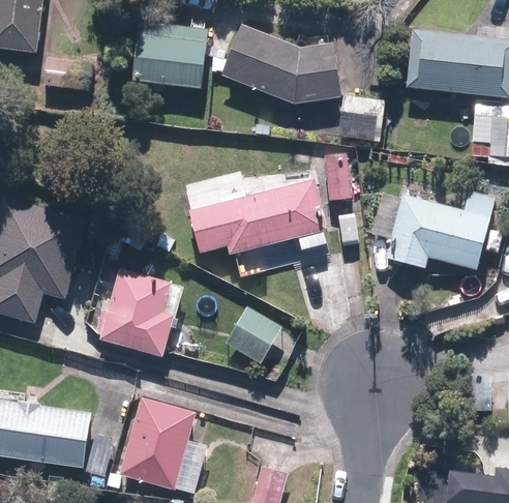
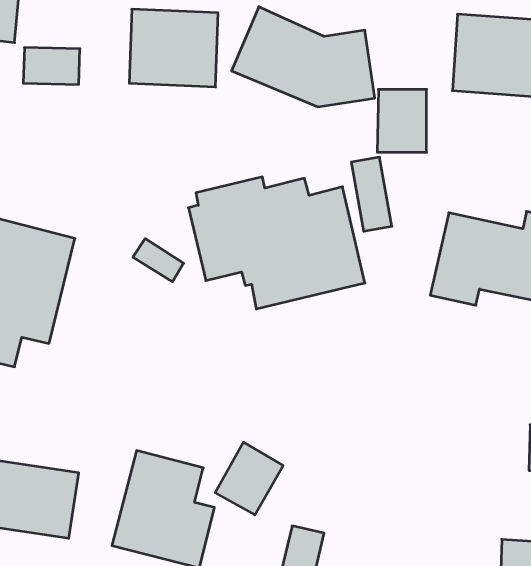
building: [97,268,182,359] -> none
building: [227,301,283,362] -> [215,442,283,515]

